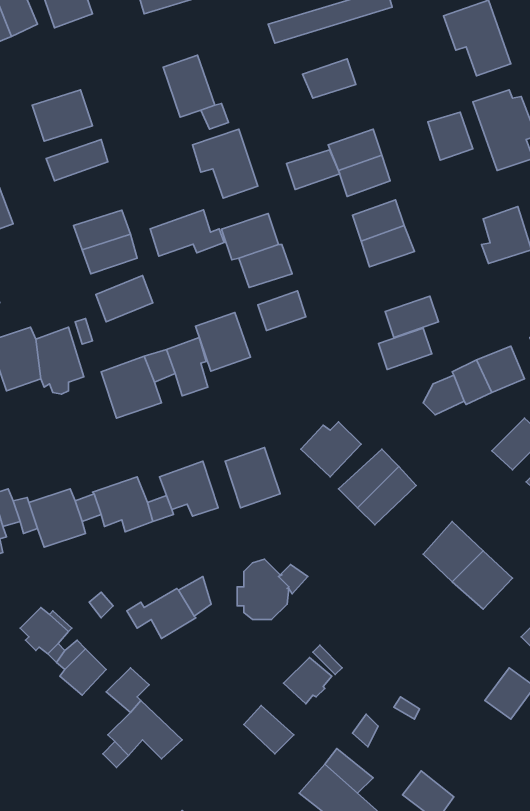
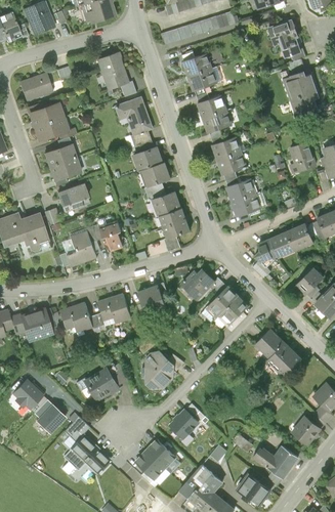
building: [428,112,473,160] -> none
building: [286,150,340,189] -> [186,69,218,92]
building: [150,210,224,256] -> [33,115,77,142]
building: [195,313,250,371] -> [159,207,192,242]
building: [378,328,432,369] -> [224,179,256,204]
building: none -> [255,446,298,477]
building: none -> [134,450,164,478]

